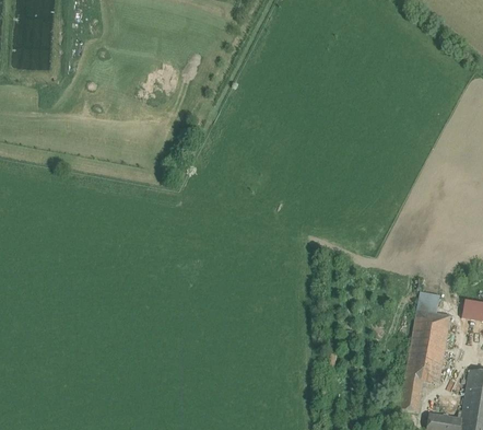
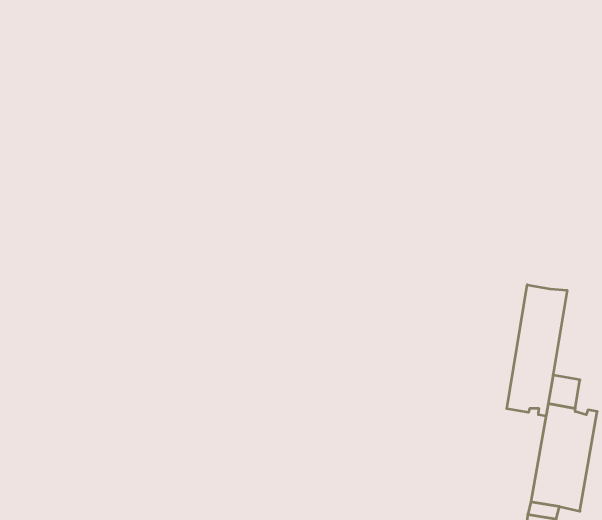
building: none -> [507,285,567,416]

